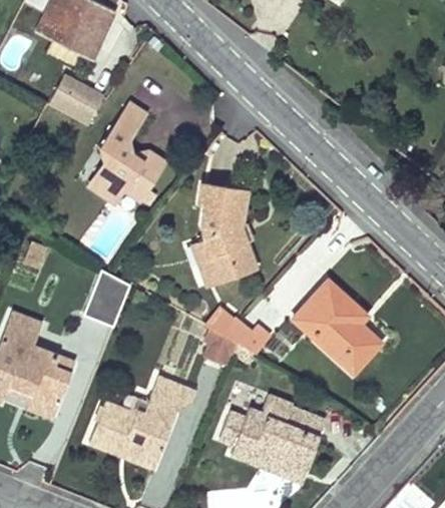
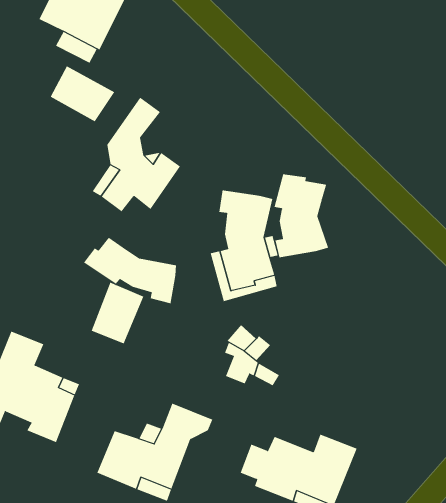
building: none -> [274,173,329,258]
building: none -> [83,237,177,304]
building: [294,280,379,371] -> none

